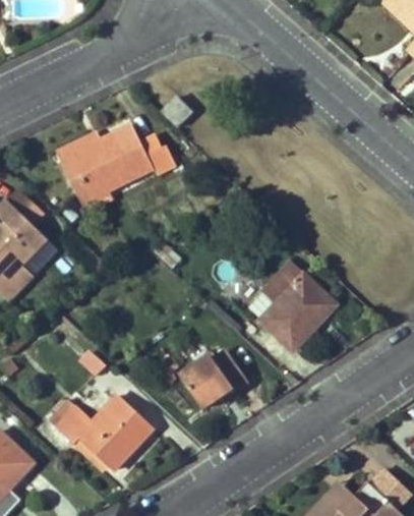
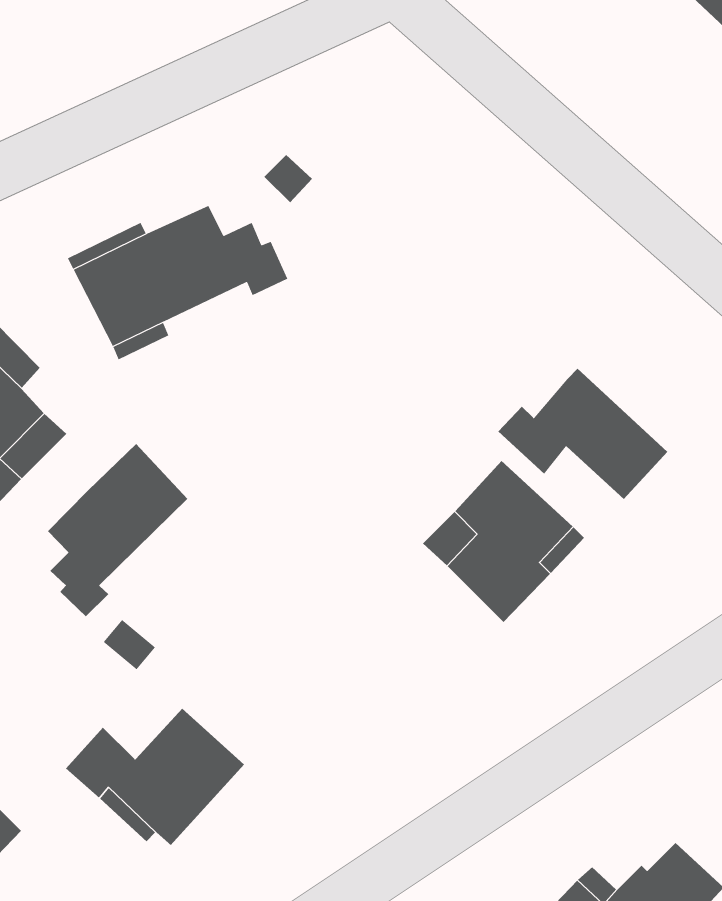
building: none -> [498,368,668,500]
building: none -> [47,443,188,617]
building: [180,351,248,408] -> none

